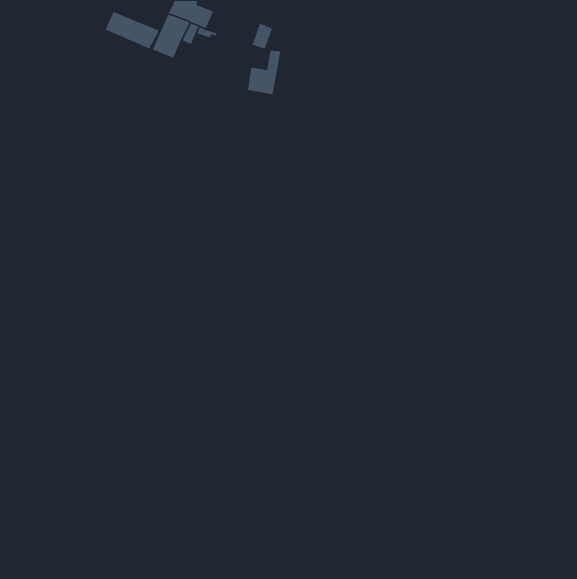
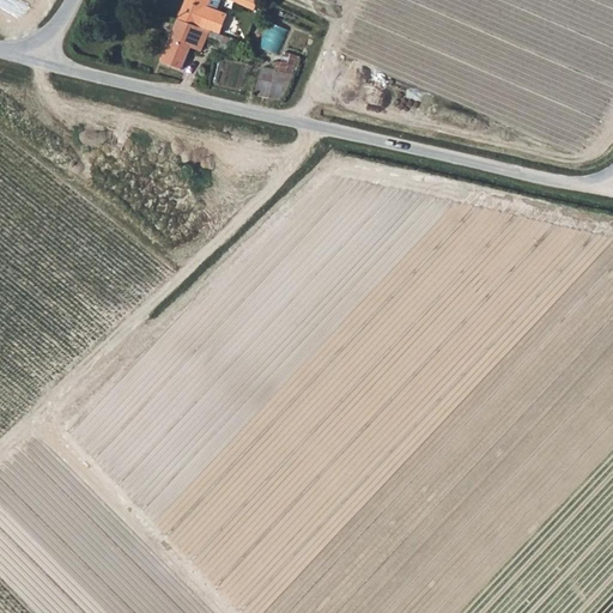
building: [104,11,159,50] -> none

